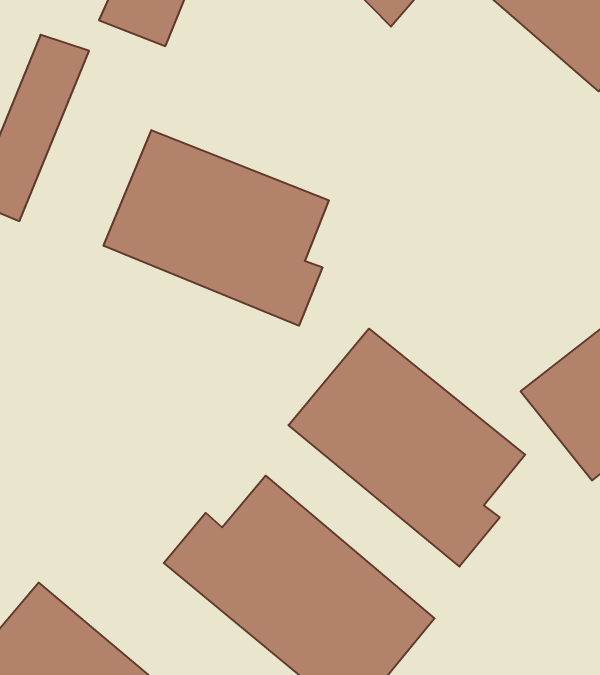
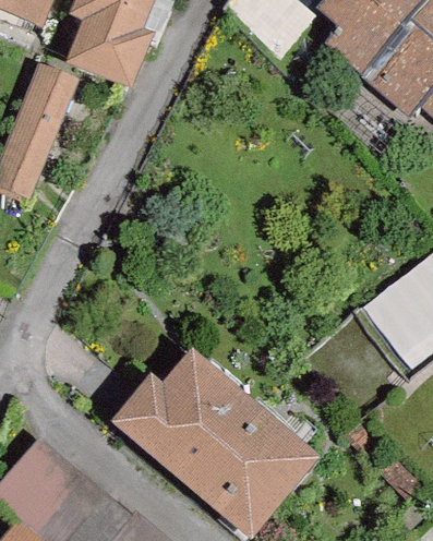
building: [104,130,329,326] -> none
building: [288,329,525,567] -> none

